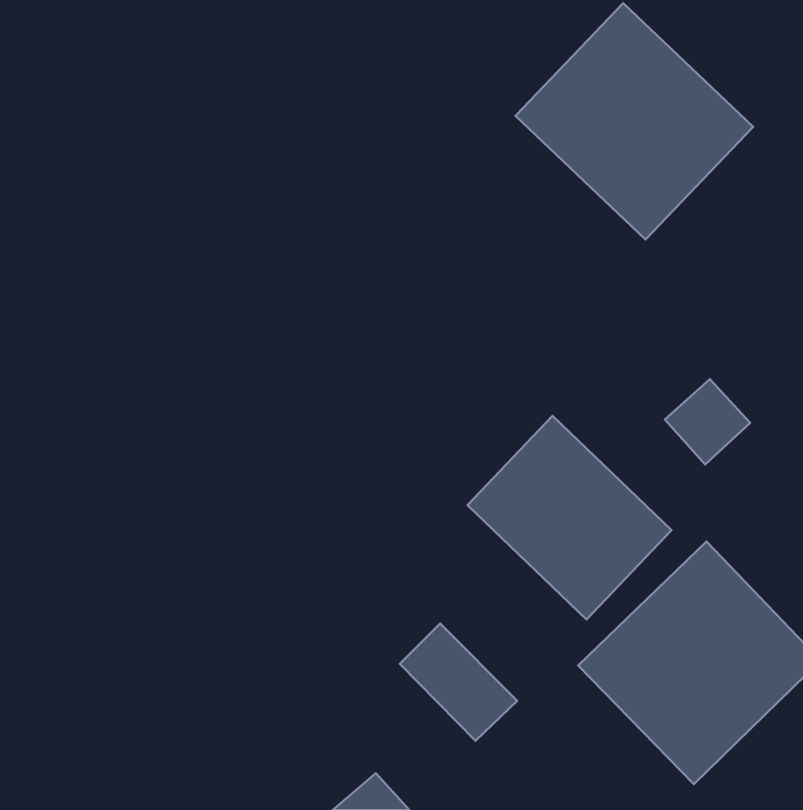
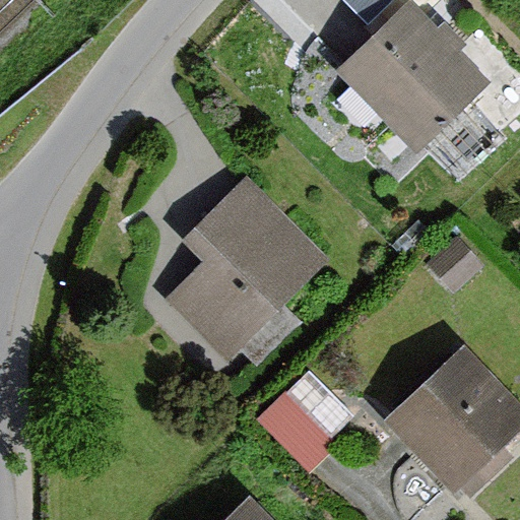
building: none -> [169,179,332,361]
building: [467,416,672,620] -> none

